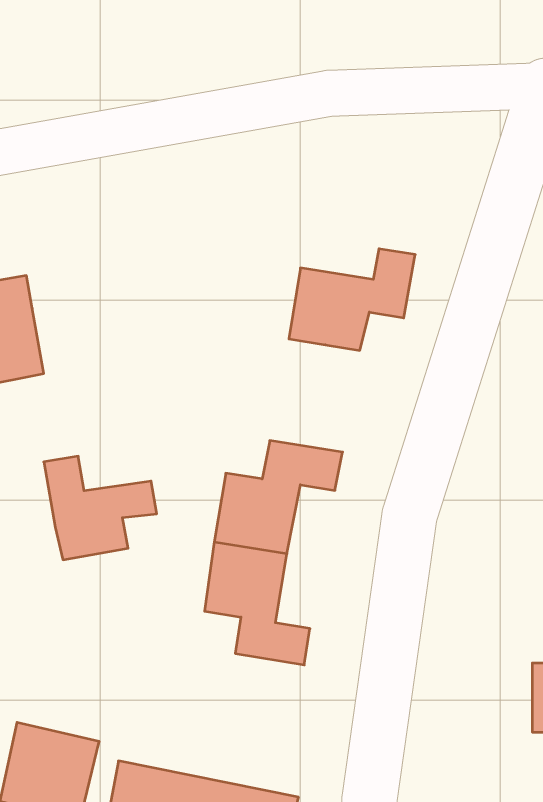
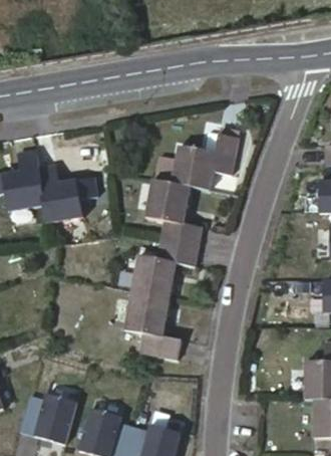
building: none -> [145,183,203,246]
building: [44,456,157,560] -> [37,168,96,222]

